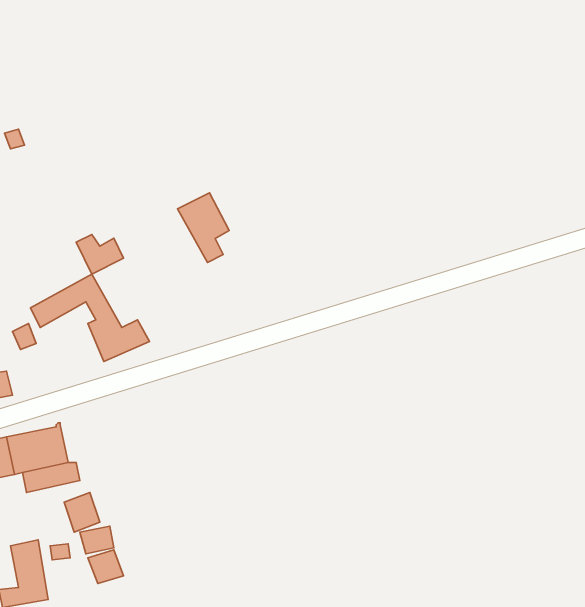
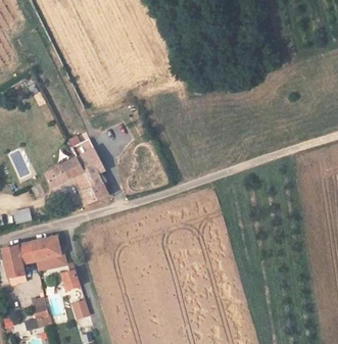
building: [178,193,229,262] -> [74,150,100,186]

